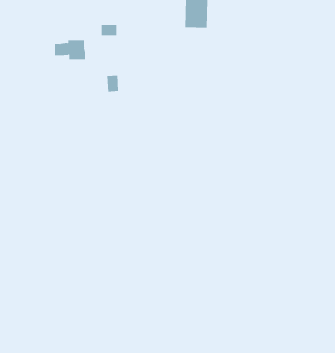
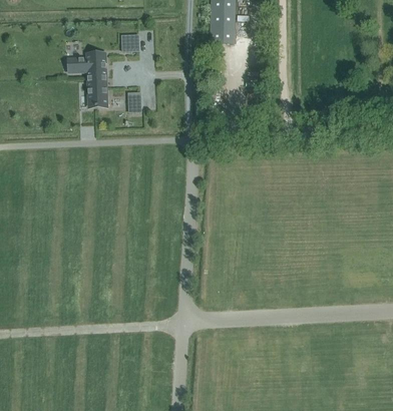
building: none -> [88,75,107,106]

